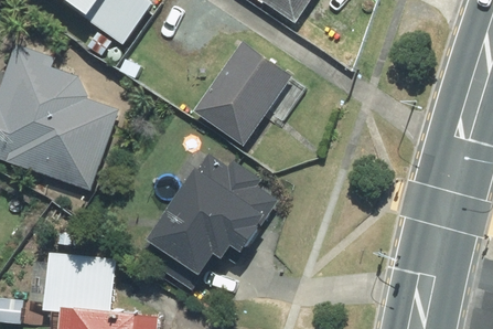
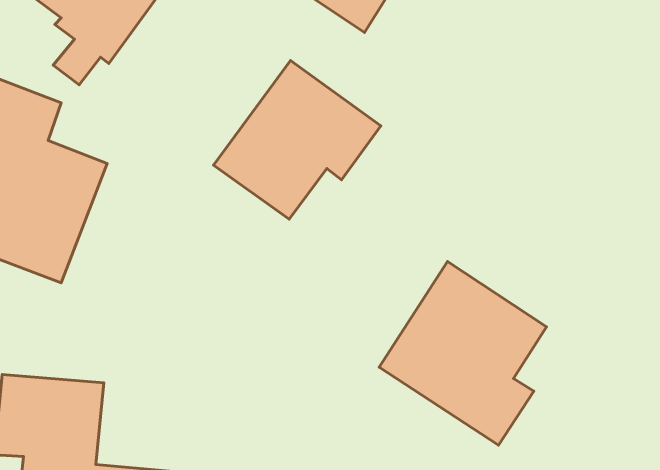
building: [148,152,279,275] -> none
building: none -> [379,262,546,445]

